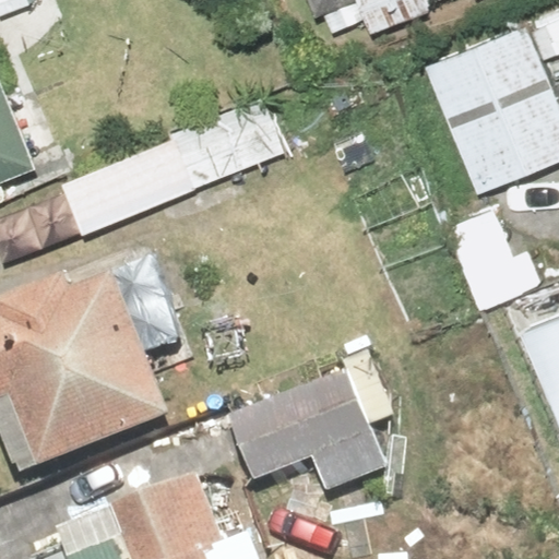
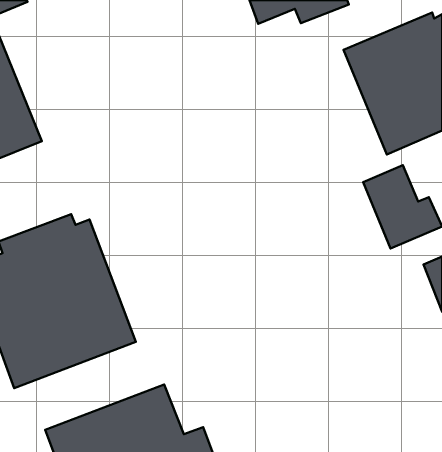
building: [67,69,285,226] -> none
building: [227,361,392,493] -> none

